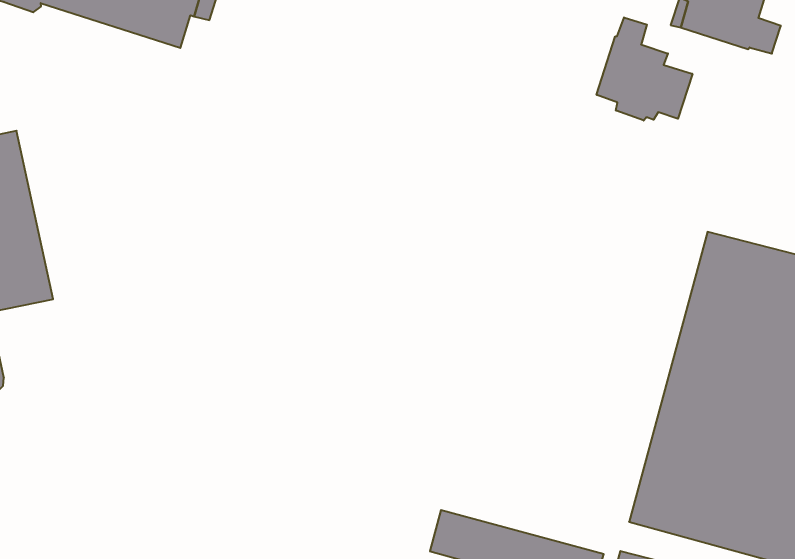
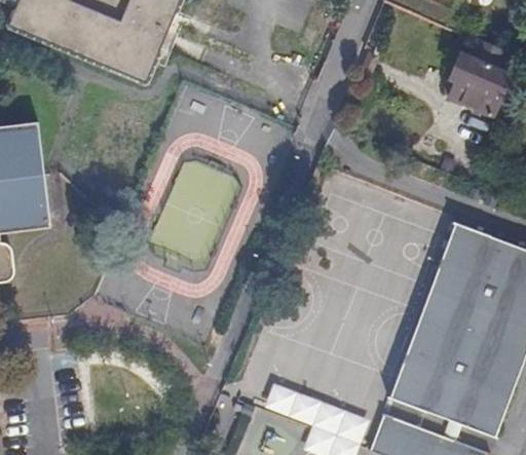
building: [597,17,692,121] -> none

